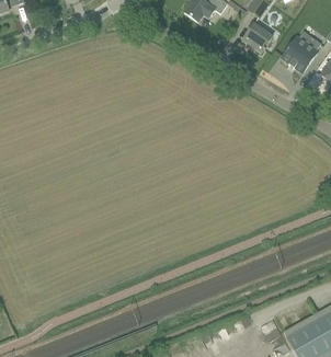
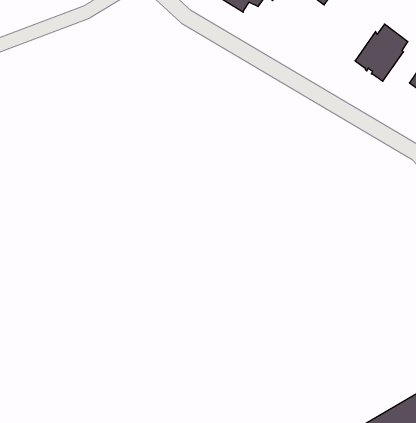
building: [242,22,272,51] -> none

